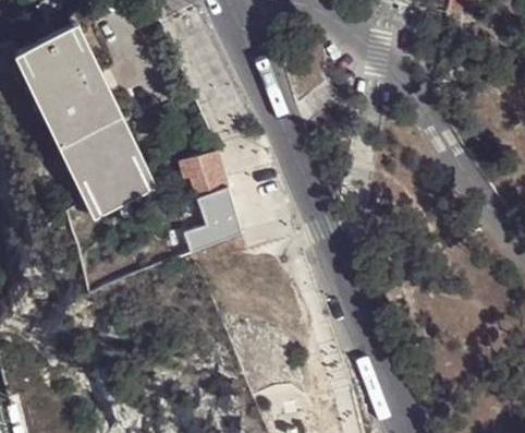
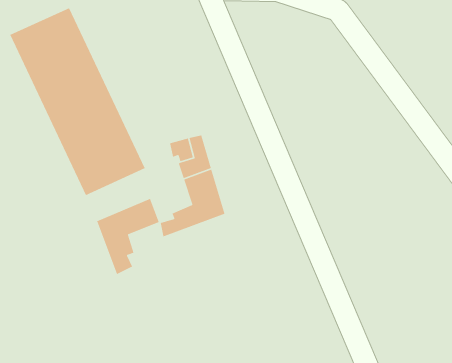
building: none -> [96,198,160,275]

